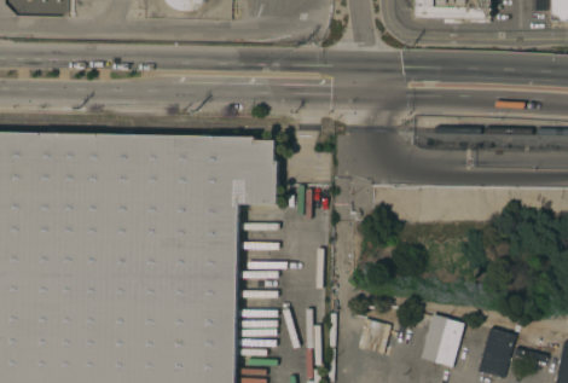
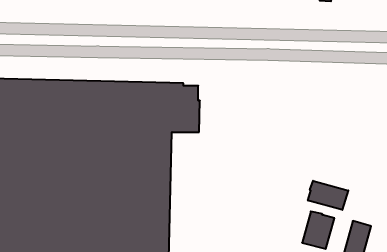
building: none -> [308,181,348,210]

